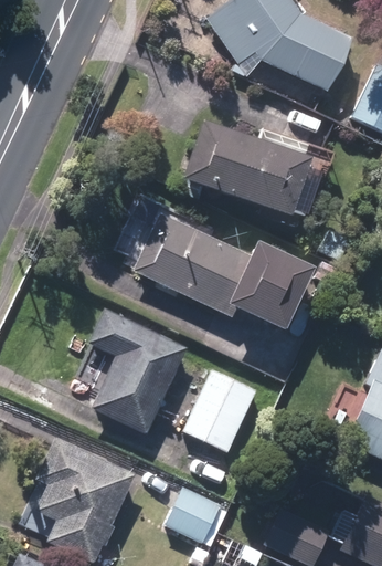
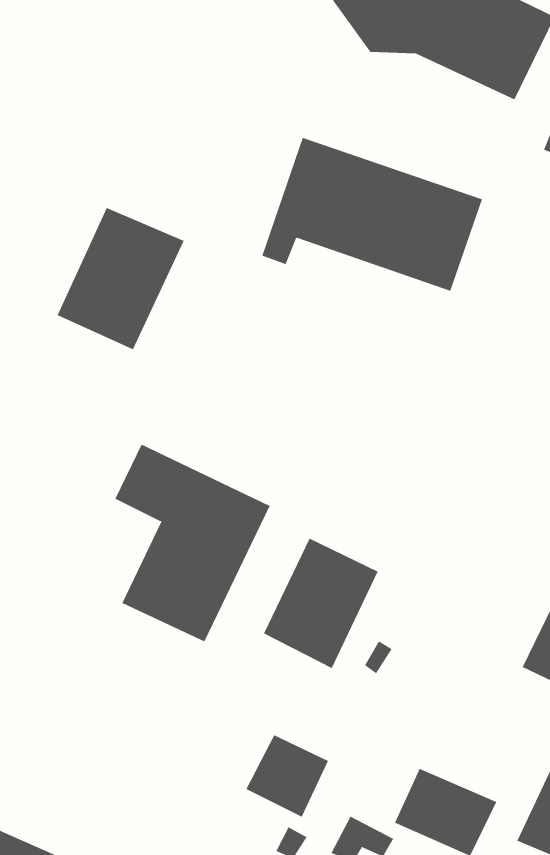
building: none -> [57,207,185,350]
building: [131,213,323,329] -> none
building: [42,438,131,557] -> none

